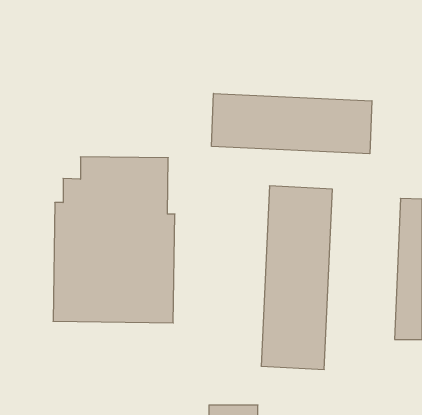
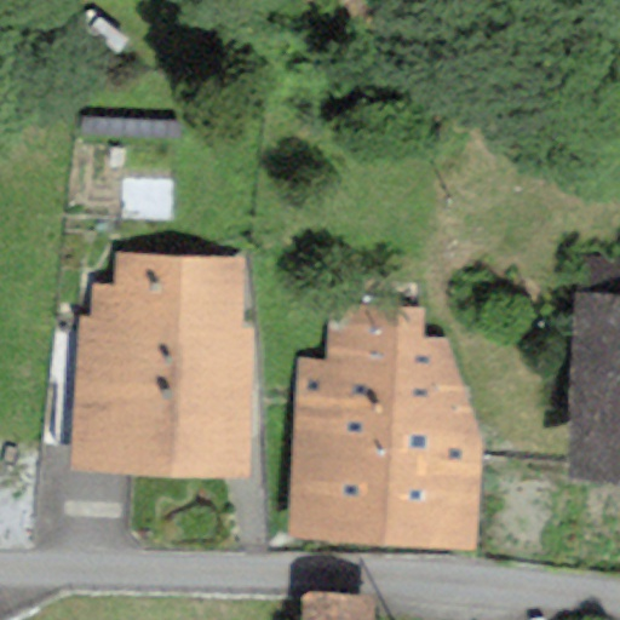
building: [212,93,372,154] -> none
building: none -> [287,282,394,547]

